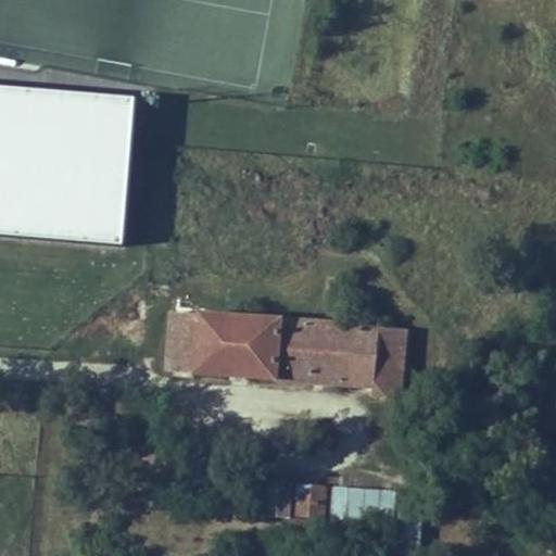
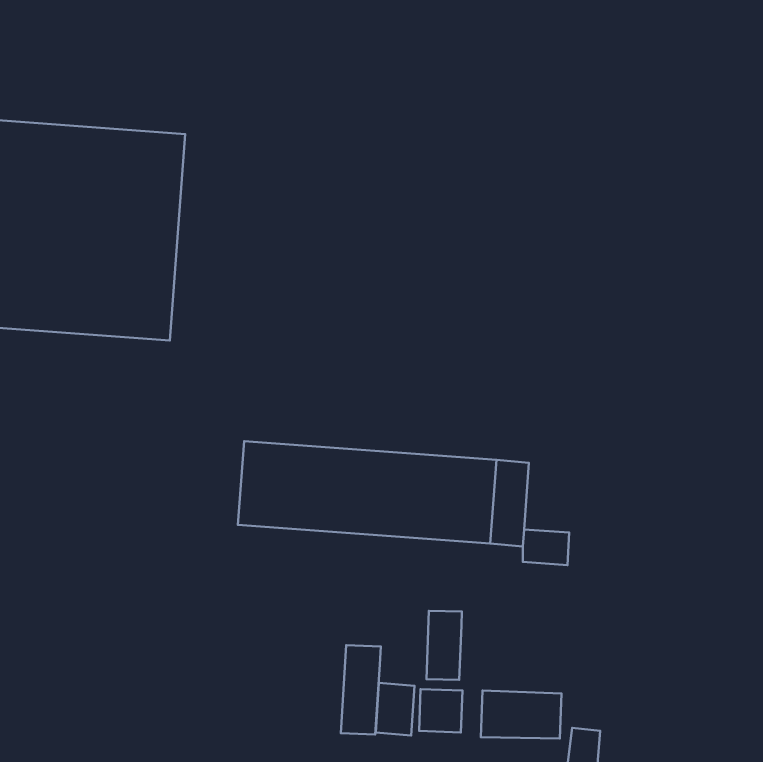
building: [369,327,405,376] -> none
building: none -> [426,611,462,680]
building: none -> [341,645,381,735]

